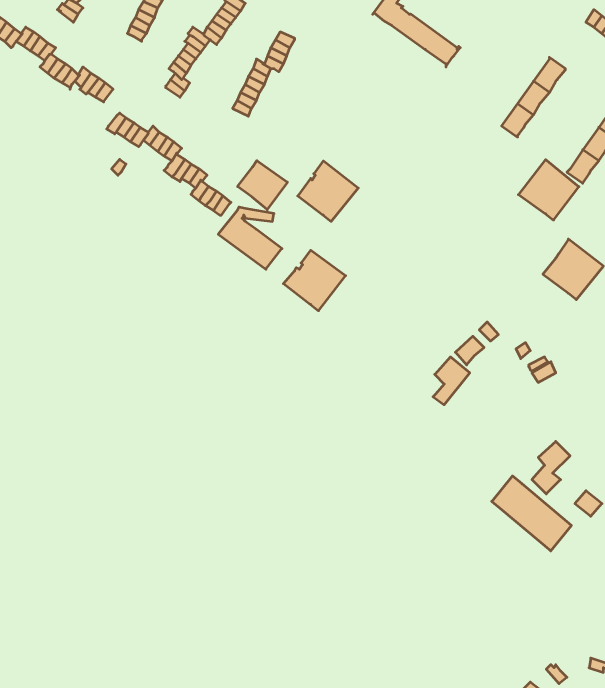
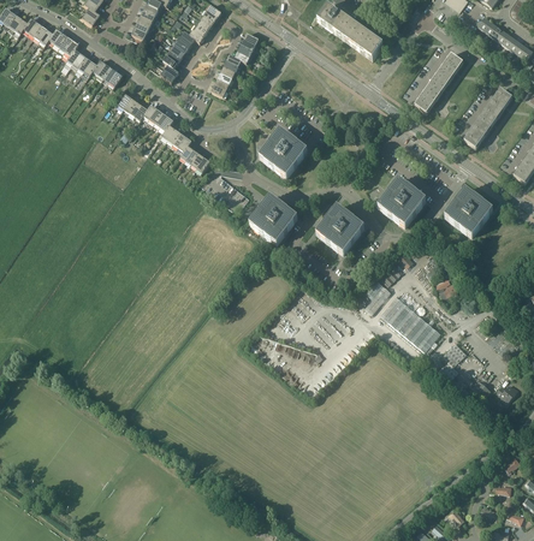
building: [518,160,579,220] -> [378,179,423,225]
building: [238,161,287,210] -> none
building: none -> [316,207,362,252]
building: [492,476,571,551] -> [379,295,439,351]

